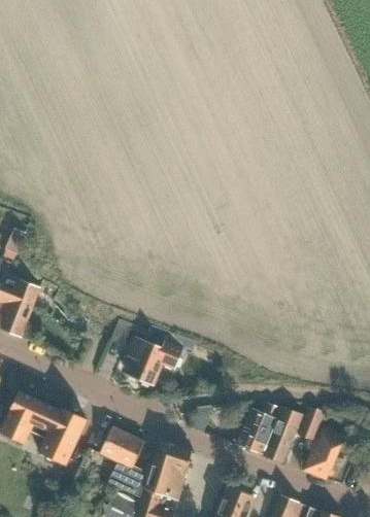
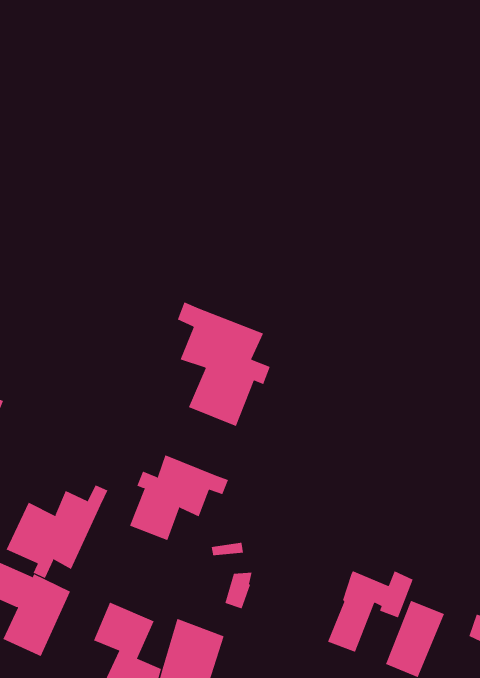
building: none -> [177,302,270,427]
building: none -> [6,485,108,579]
building: [237,403,279,454] -> none

